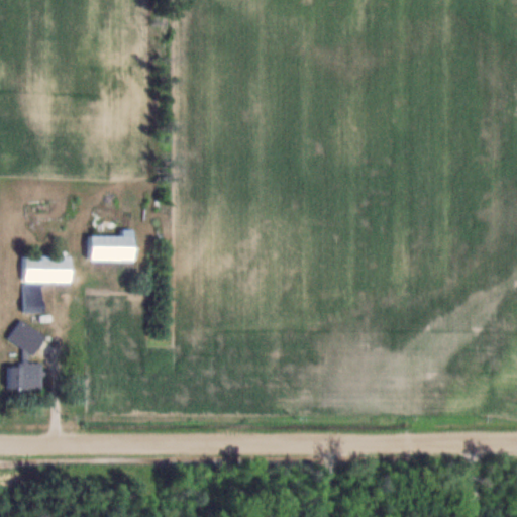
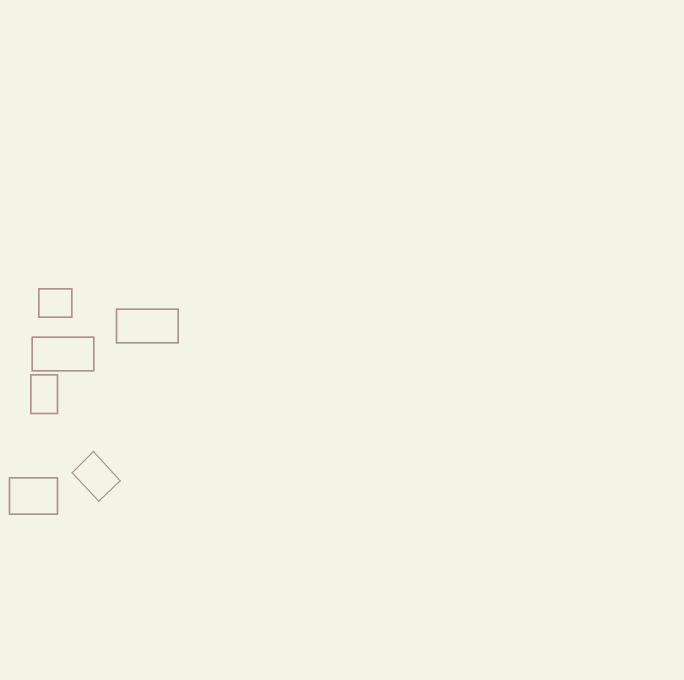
building: none -> [39,289,72,317]
building: [8,321,44,358] -> [72,452,120,501]

